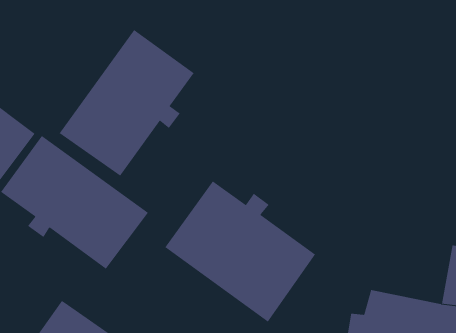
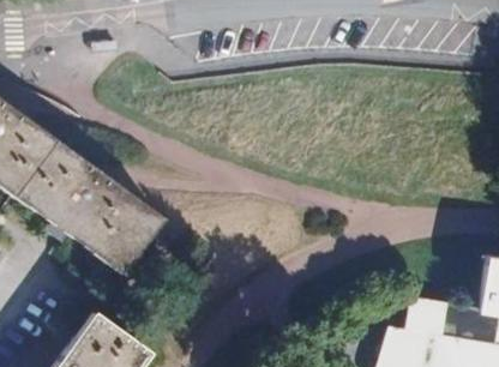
building: [59,29,194,177] -> none
building: [164,180,316,322] -> none

